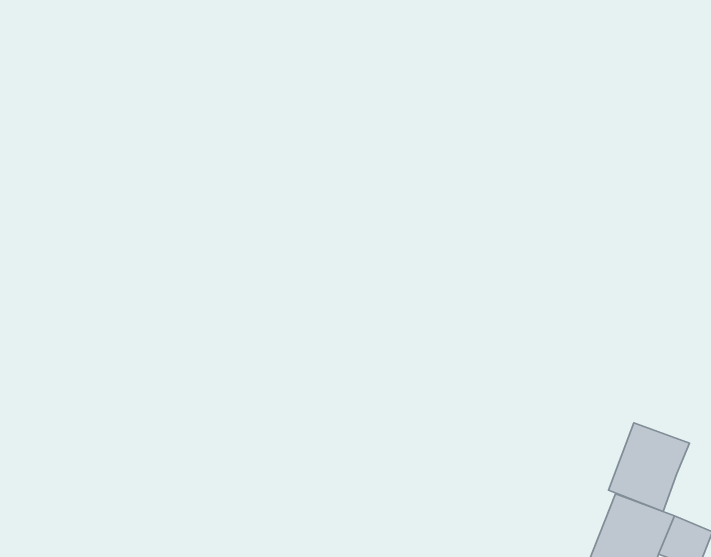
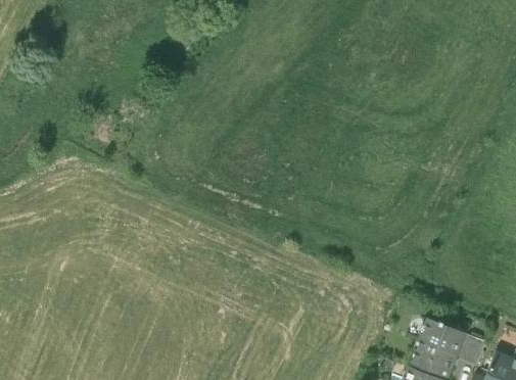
building: [608,423,690,512] -> none

